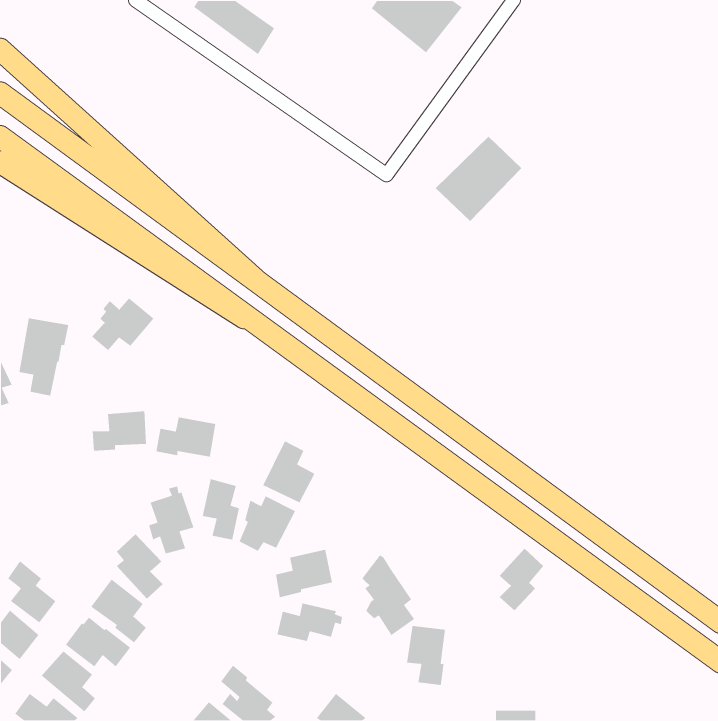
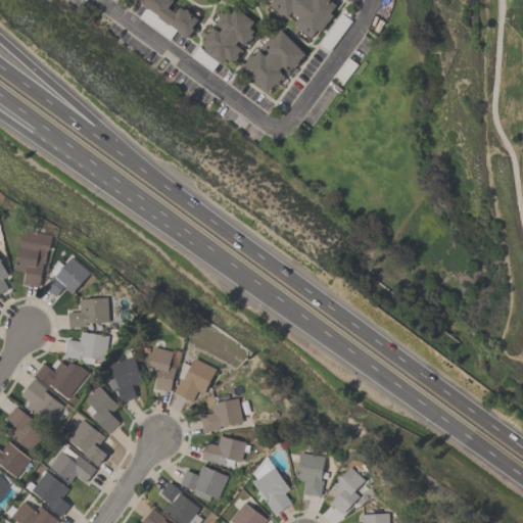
building: none -> [201,6,260,69]
building: [435,136,522,222] -> [243,31,306,93]
building: [91,297,155,351] -> [44,257,90,296]
building: [156,417,216,457] -> [65,331,109,361]
building: [262,440,316,503] -> none
building: none -> [36,362,89,397]
building: none -> [20,379,63,425]
building: [499,548,544,611] -> [332,467,365,513]
building: [361,554,415,636] -> [253,457,292,516]
building: none -> [180,465,229,502]

